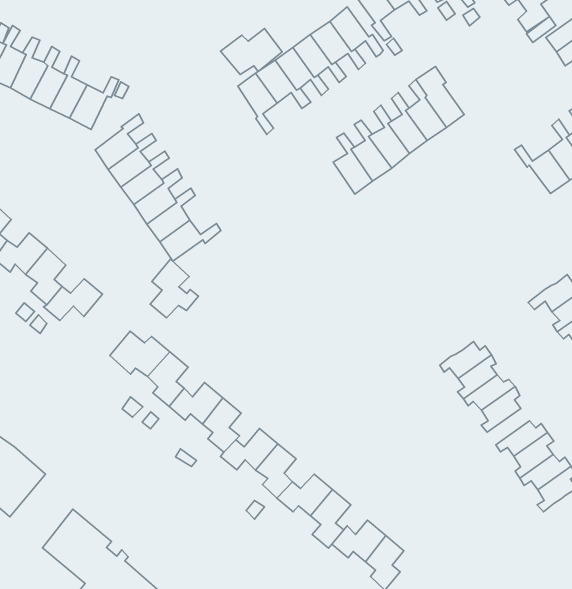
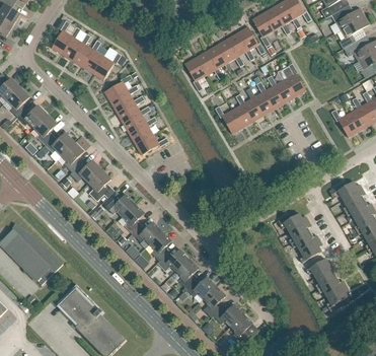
building: [221,29,282,75] -> none
building: none -> [214,100,242,133]
building: [150,259,198,318] -> [88,168,115,200]

